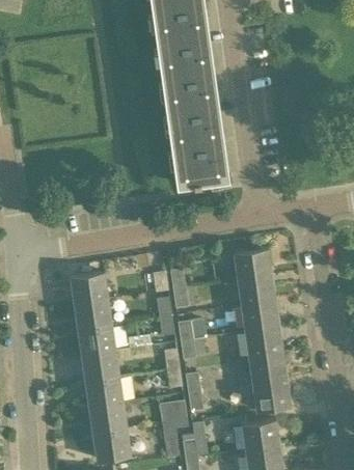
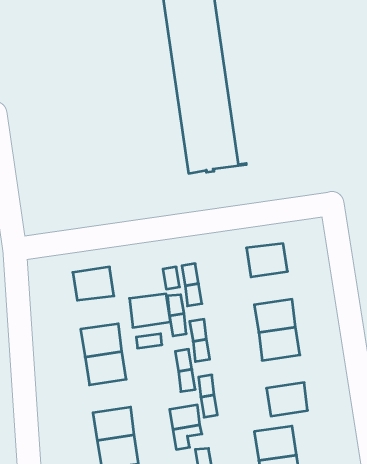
building: [236,276,274,307] -> none
building: [74,299,112,330] -> [129,294,171,327]
building: [246,354,285,385] -> none
building: [85,377,124,408] -> none

